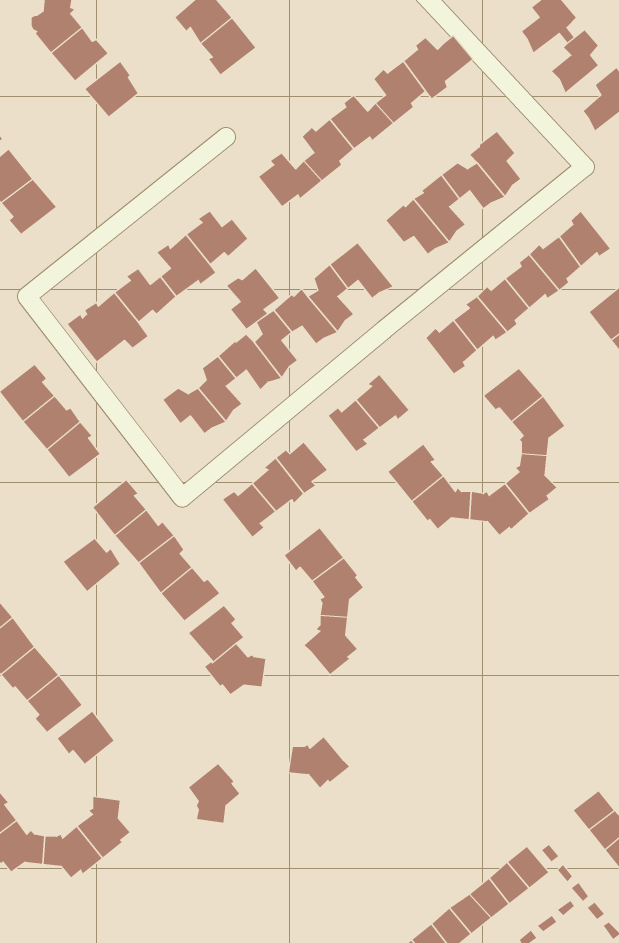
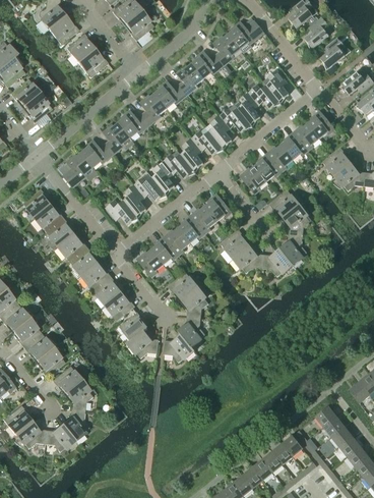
building: none -> [78,50,108,77]
building: none -> [205,115,232,149]
building: [226,268,280,330] -> [139,93,167,124]
building: none -> [178,215,204,242]
building: [63,538,121,592] -> [58,234,87,262]
building: [288,737,350,788] -> [163,335,194,362]
building: [188,764,240,823] -> [66,381,92,411]

